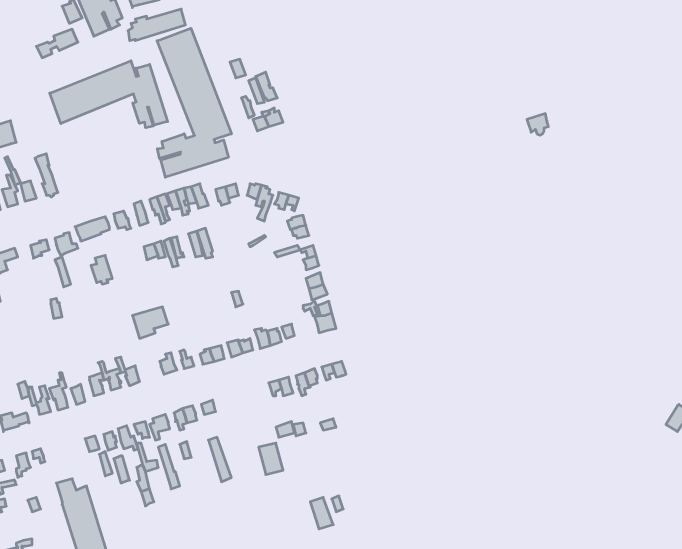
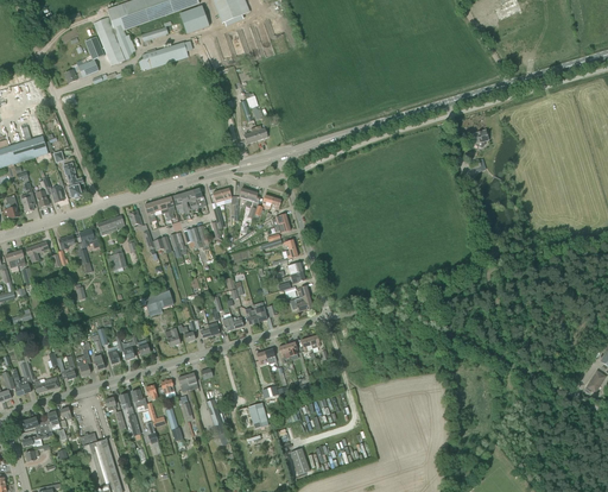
building: [157,28,231,177] -> none
building: [50,61,168,128] -> none

